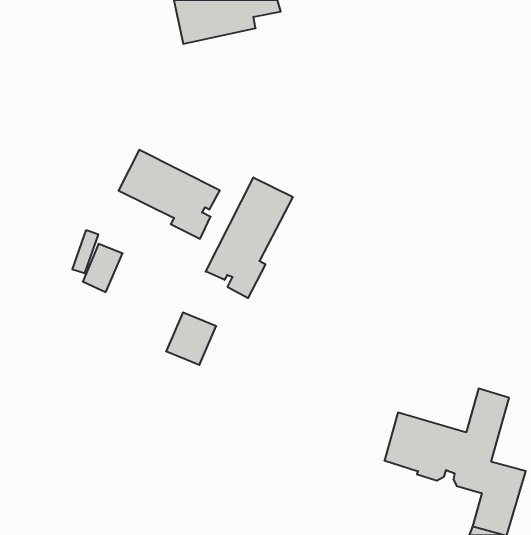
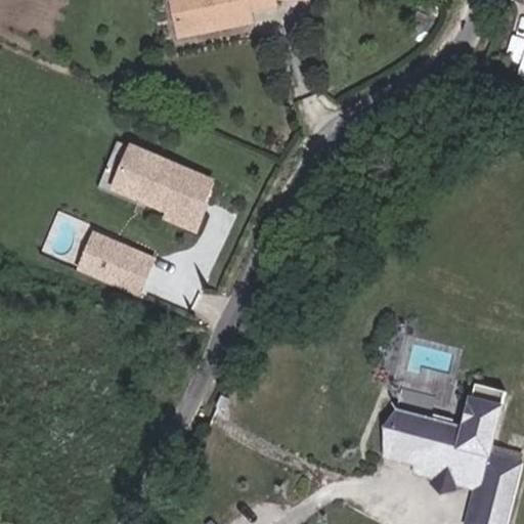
building: [206,177,293,298] -> none
building: [166,313,216,365] -> [107,248,157,299]

